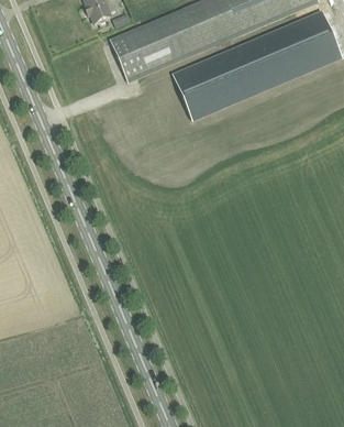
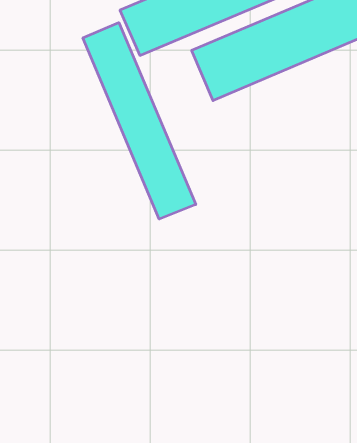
building: none -> [83,23,196,219]

